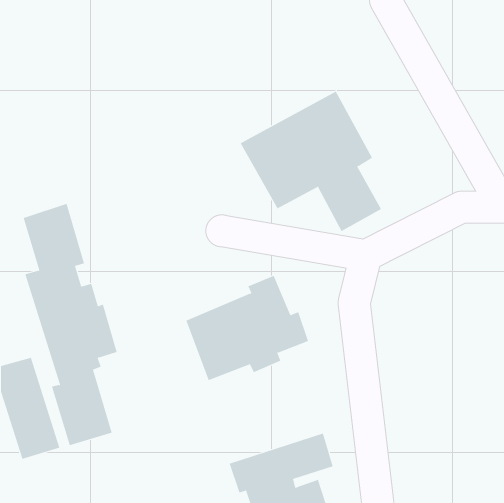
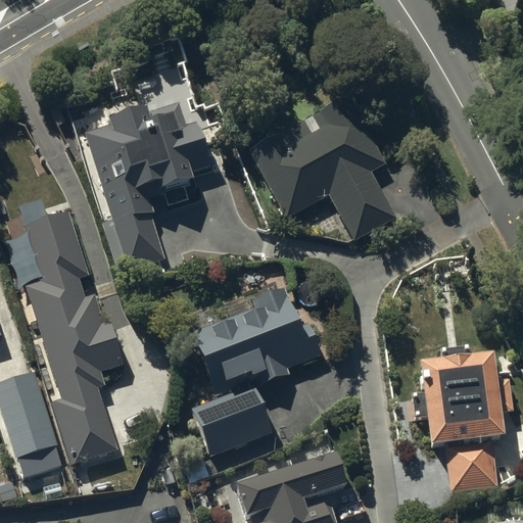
building: none -> [86,101,210,274]
building: none -> [421,352,516,493]
building: none -> [192,384,273,456]

